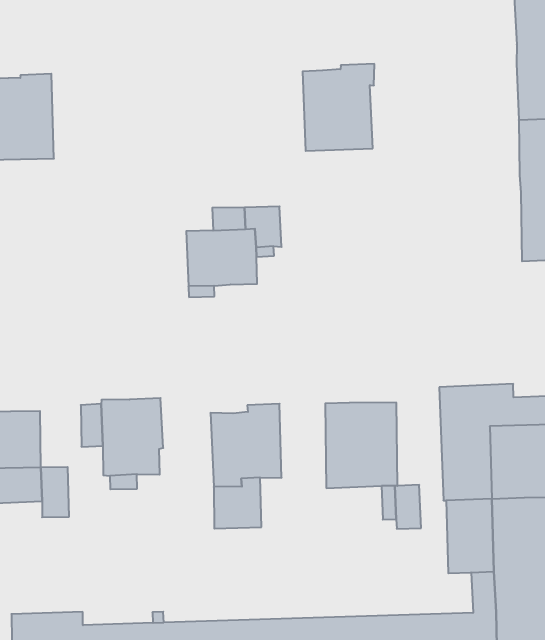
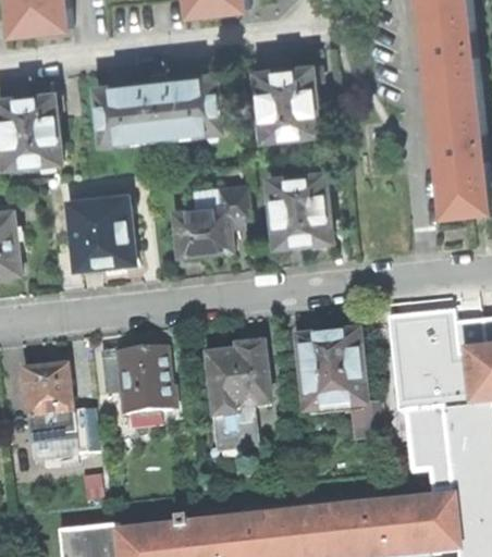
building: none -> [97,75,222,143]
building: none -> [269,172,332,245]
building: none -> [67,196,133,268]

